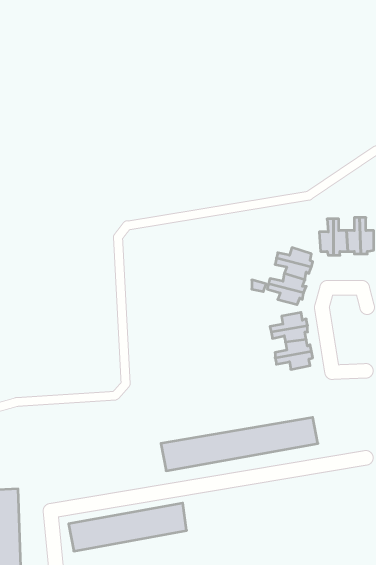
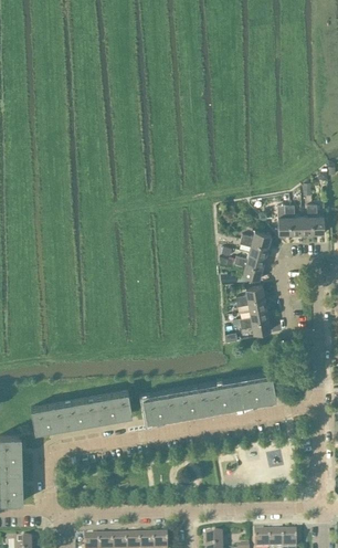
building: [69,503,187,551] -> [31,393,131,434]

